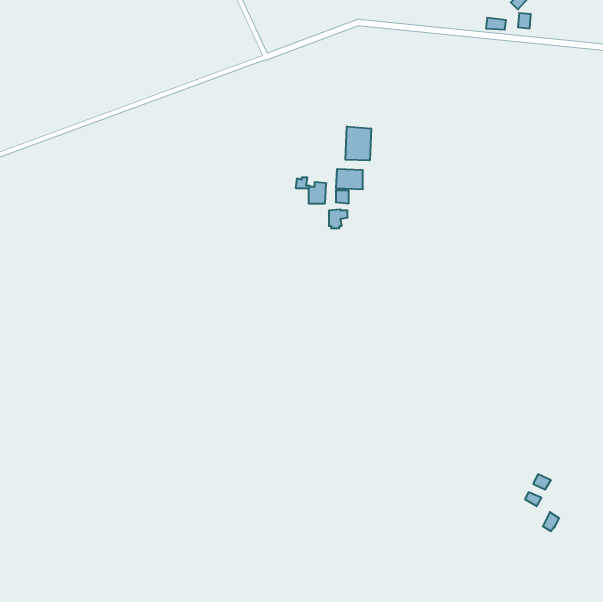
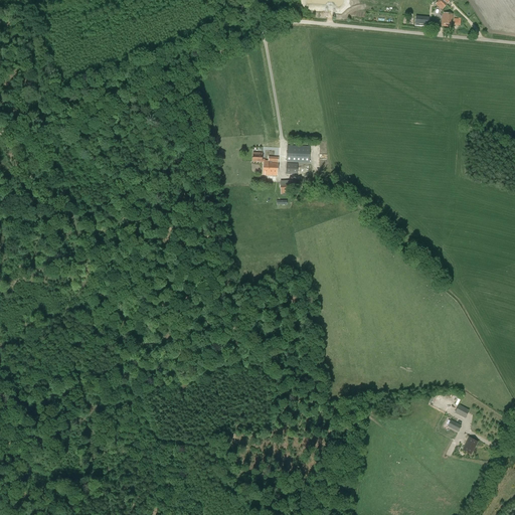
building: [345,126,371,160] -> none

